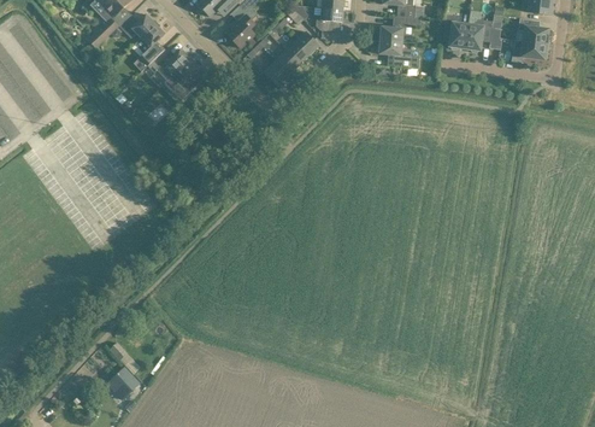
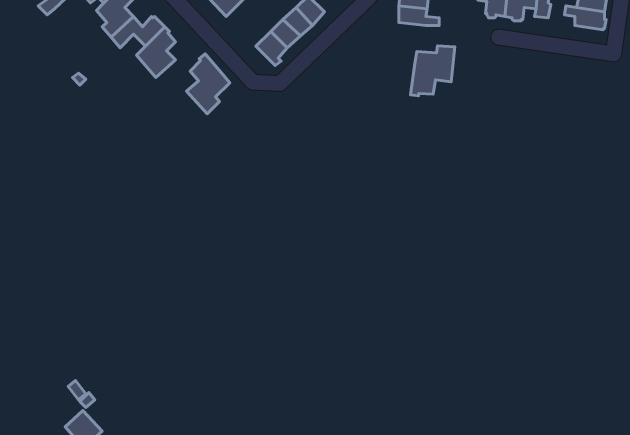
building: none -> [410,46,455,96]
building: none -> [186,54,230,114]

